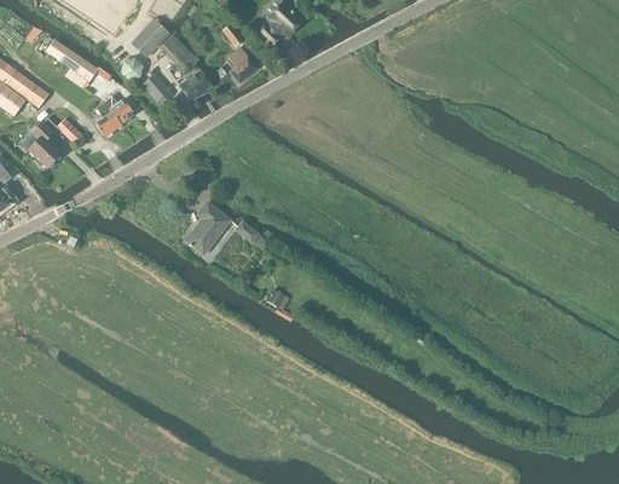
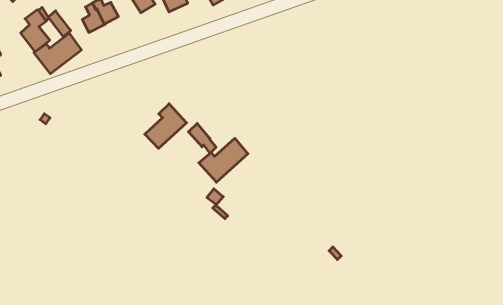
building: none -> [34,33,81,74]
building: none -> [199,138,248,182]

